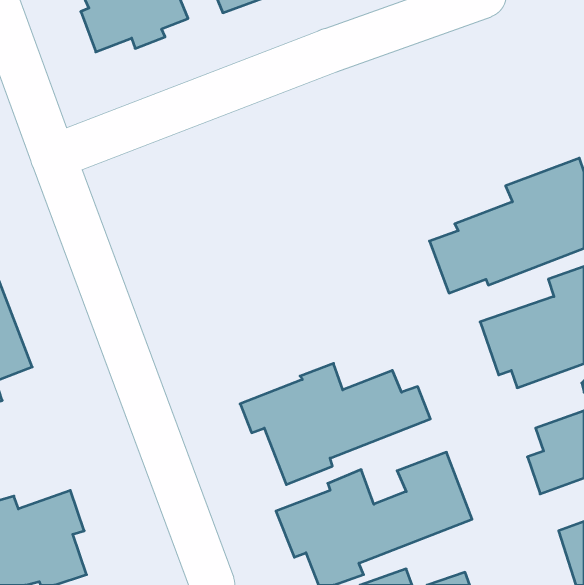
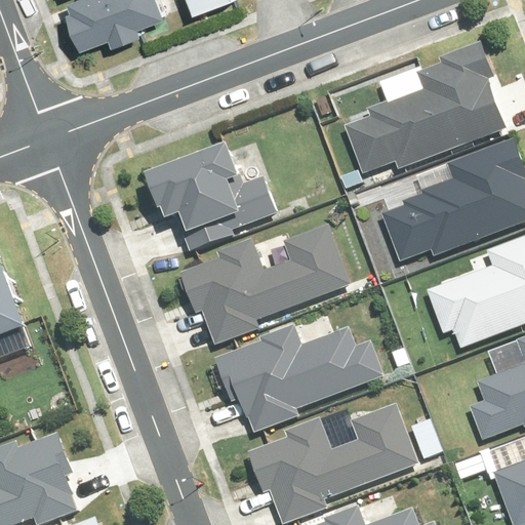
building: none -> [345,45,504,172]
building: none -> [151,140,276,242]
building: none -> [180,225,351,344]

